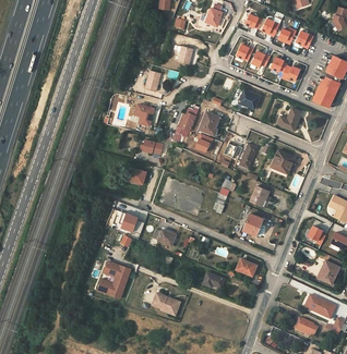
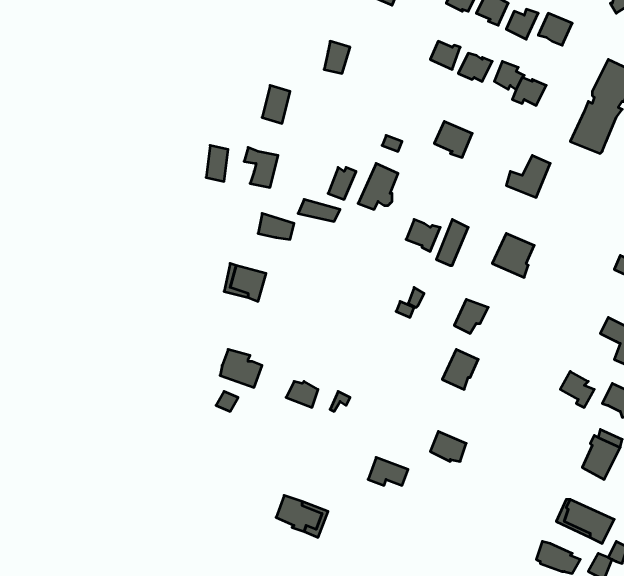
building: [97,260,130,297] -> none

